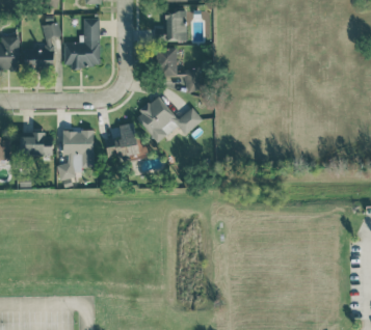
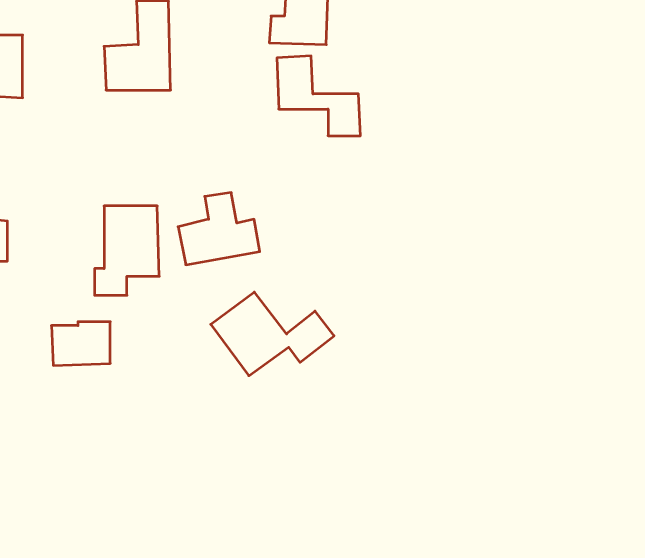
building: [22,22,60,71] -> none
building: [135,97,203,142] -> [211,292,334,376]
building: [20,134,52,158] -> [51,322,110,365]

